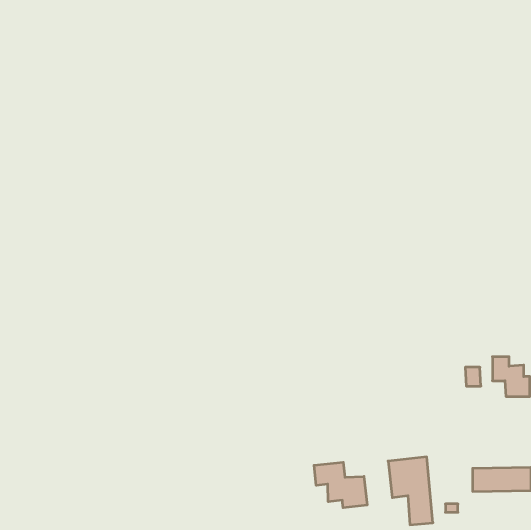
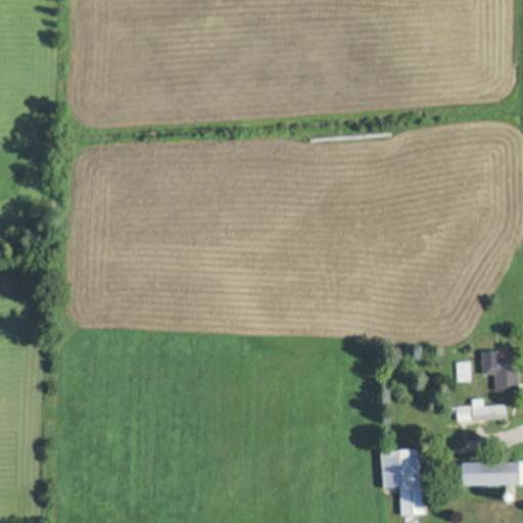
building: none -> [451,400,507,423]
building: [314,462,367,508] -> none

